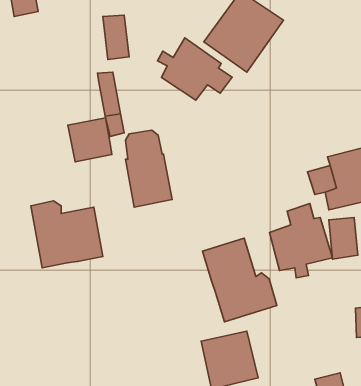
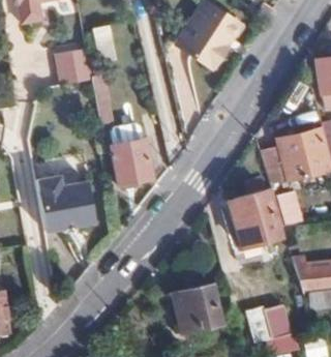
building: [158,38,232,100] -> none
building: [68,118,112,162] -> [54,49,90,85]
building: [203,238,277,322] -> none

